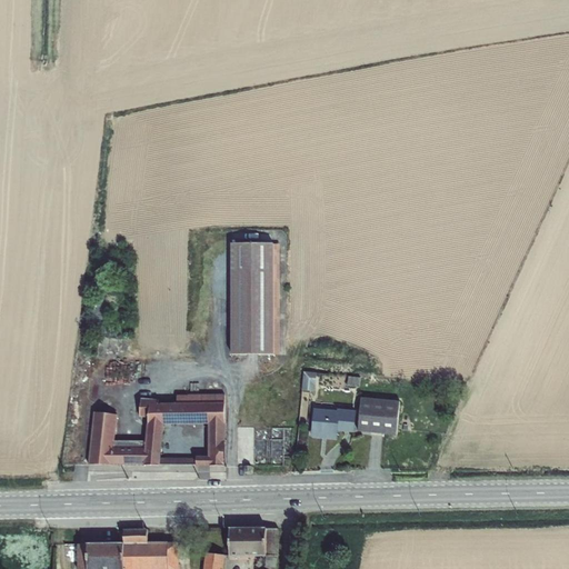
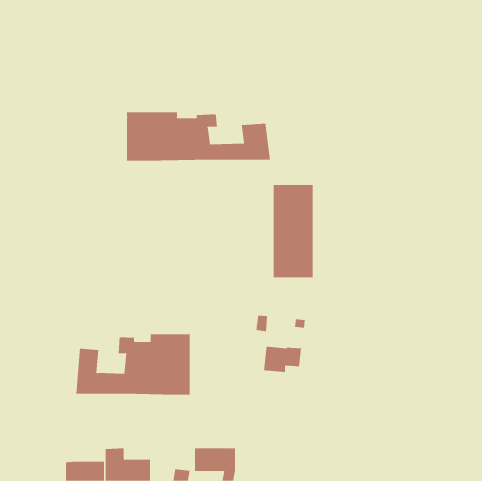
building: none -> [127,111,271,161]
building: [230,243,278,353] -> [273,184,314,278]
building: [358,397,400,435] -> none

